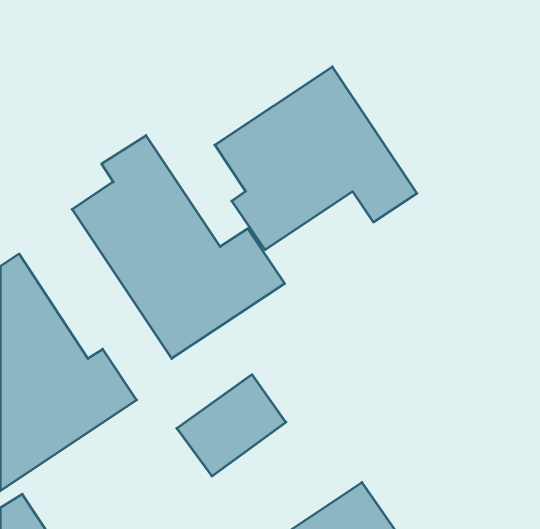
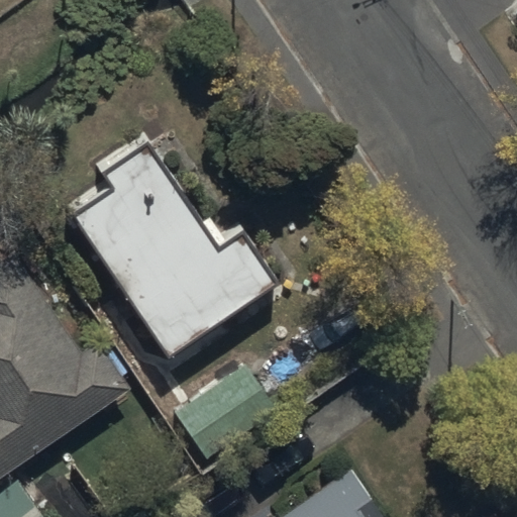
building: [215,67,417,250] -> none

